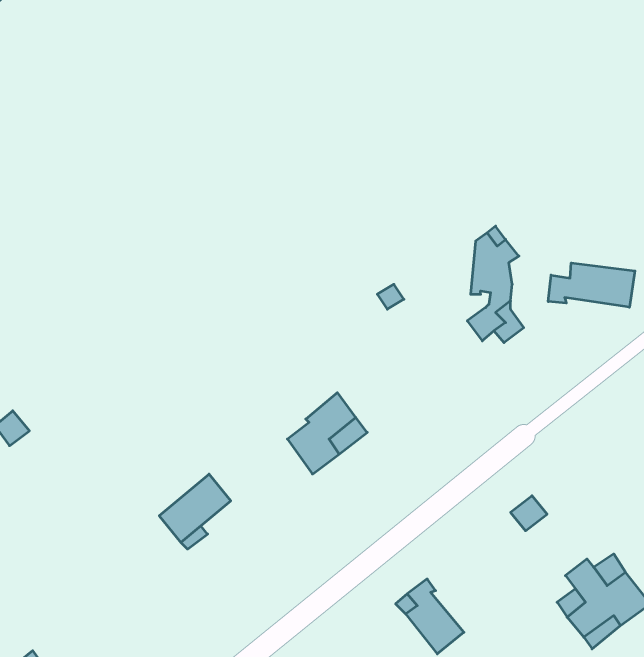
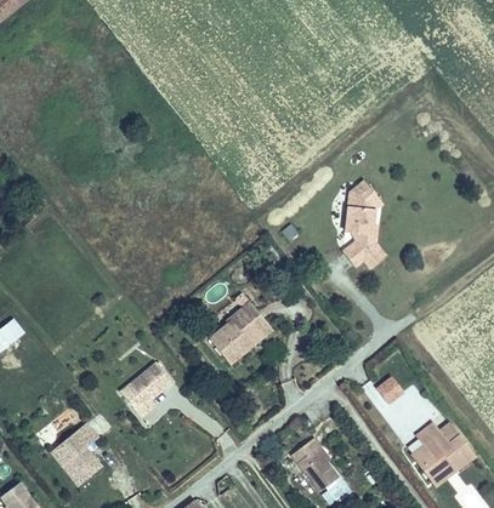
building: [548,263,635,307] -> none
building: none -> [50,421,98,481]

